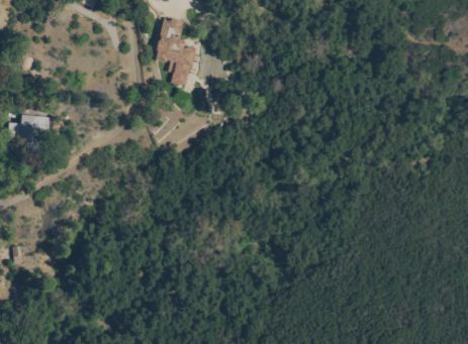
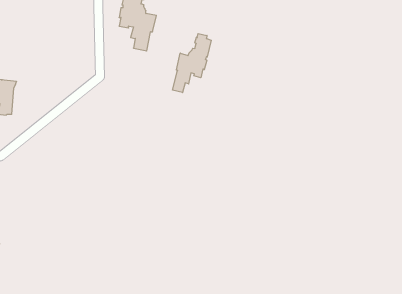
building: none -> [173,34,211,93]

